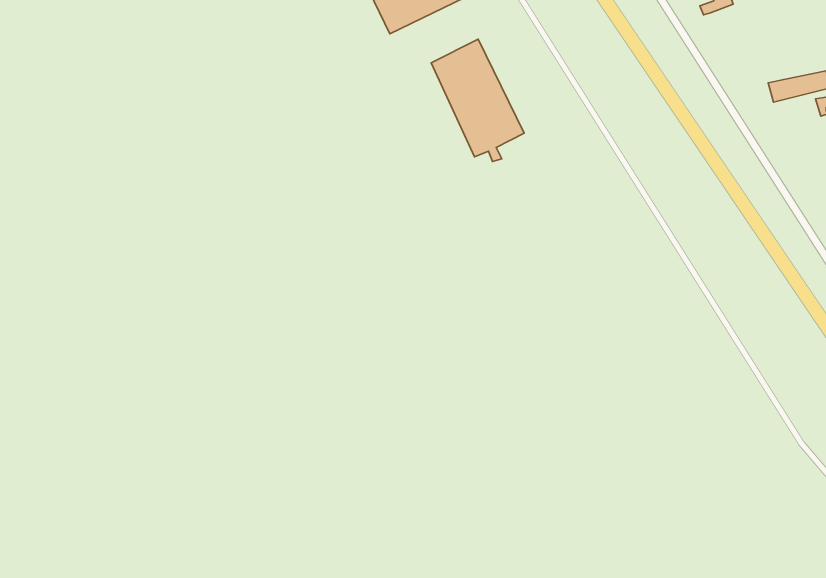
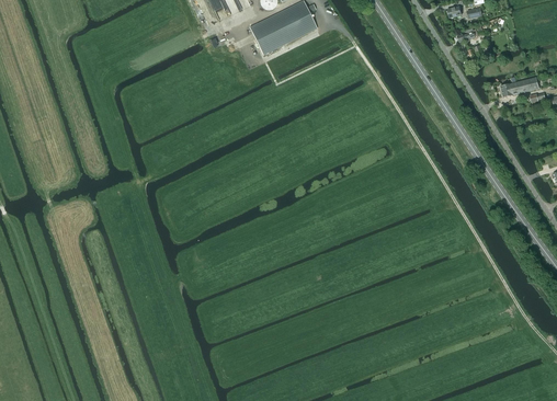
building: [431,39,524,161] -> none

